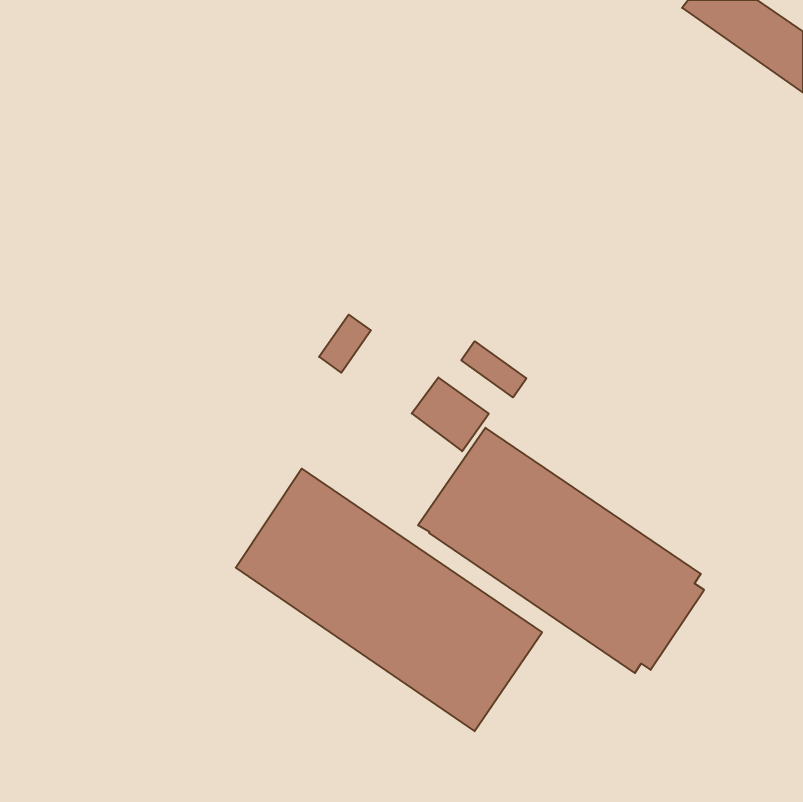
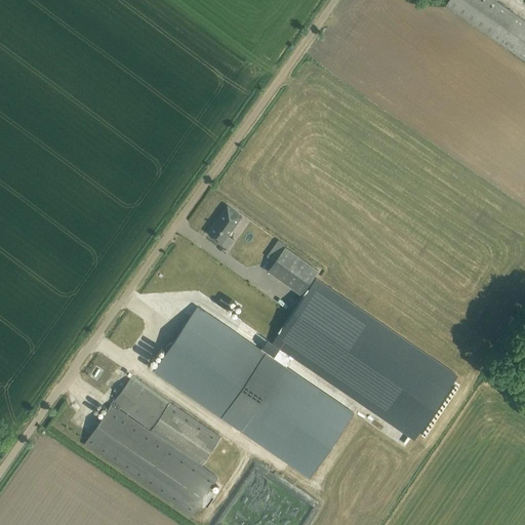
building: [461,341,526,397] -> none
building: none -> [84,371,221,518]

